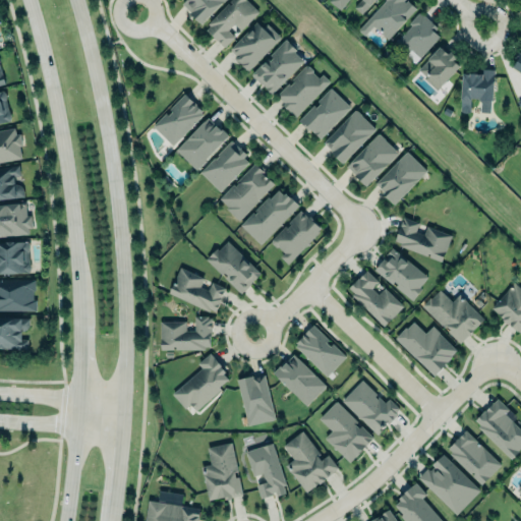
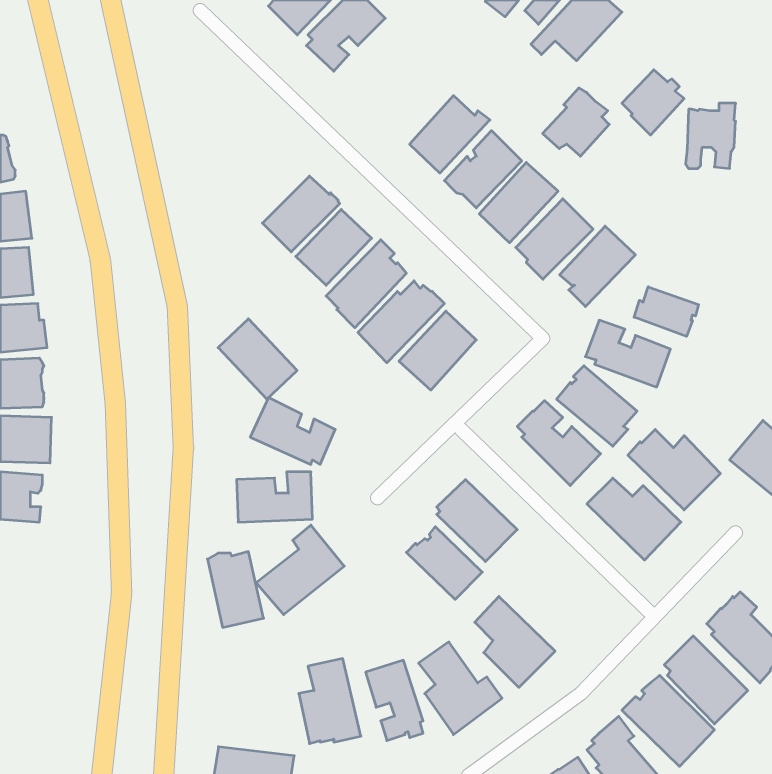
building: [396,13,441,59] -> [543,88,609,156]
building: [229,19,280,71] -> none
building: [250,39,306,97] -> none
building: [154,94,206,147] -> none
building: none -> [634,287,699,336]
building: [208,240,260,294] -> [218,319,297,399]
building: [238,374,276,425] -> [207,552,264,627]
building: [342,381,402,435] -> none

